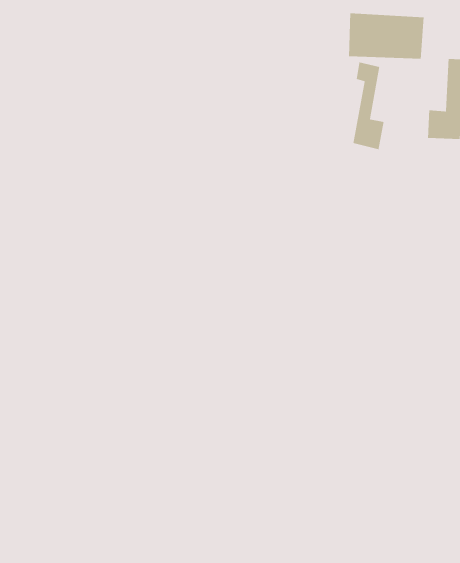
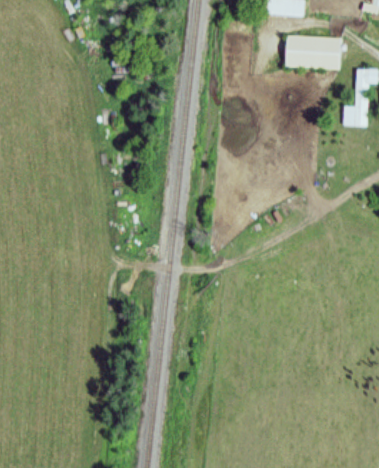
building: [352,62,385,150] -> none

